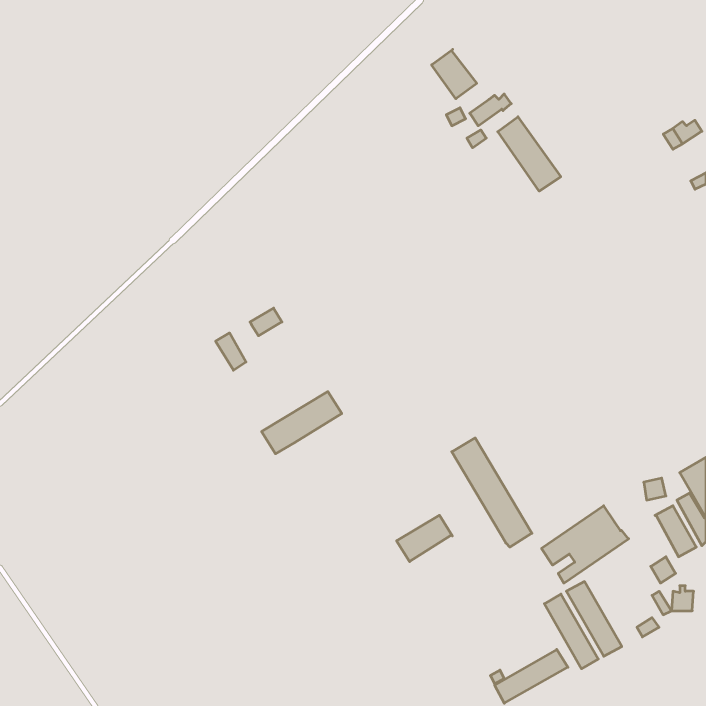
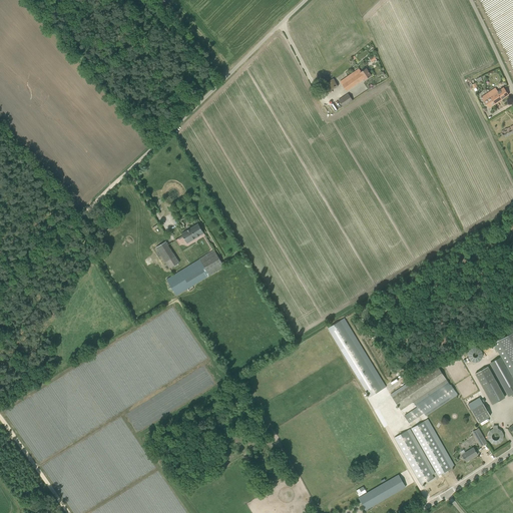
building: [432,49,477,99] -> none
building: [498,117,561,191] -> none
building: [262,392,342,454] -> [166,250,224,296]
building: [397,515,452,562] -> none

